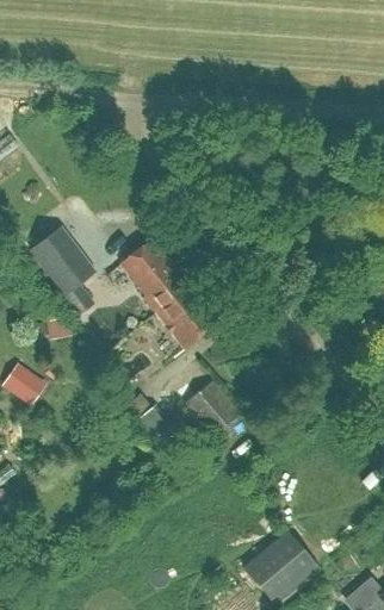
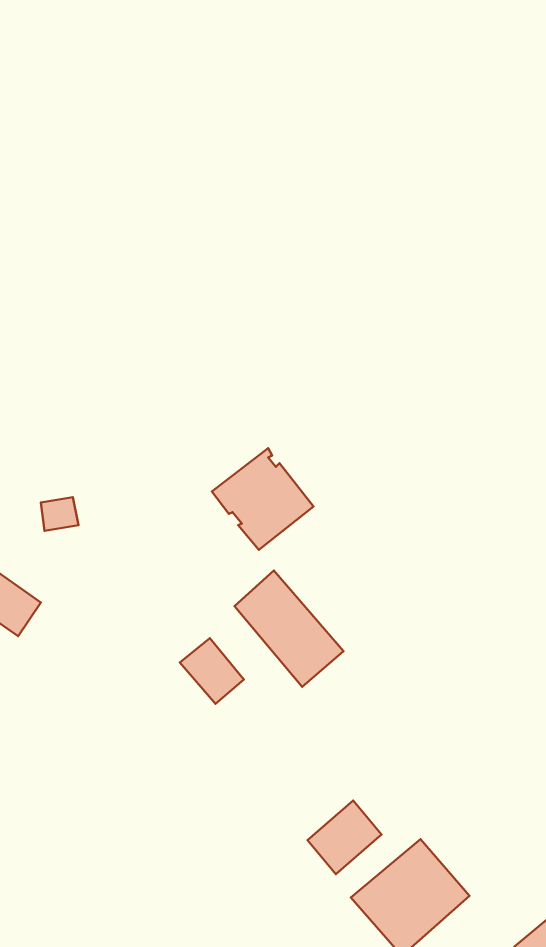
building: [29,226,94,315] -> none
building: [122,242,191,312] -> none
building: none -> [307,800,382,874]

